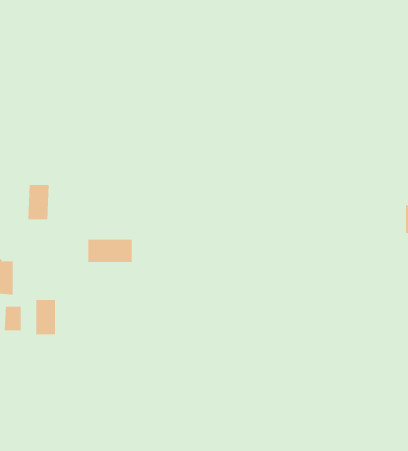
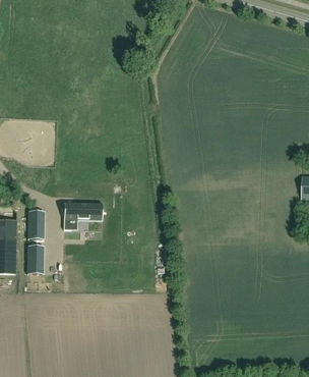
building: [27,184,49,220] -> [27,213,44,239]

